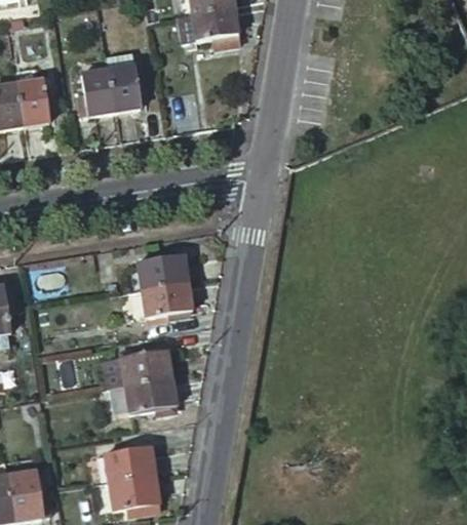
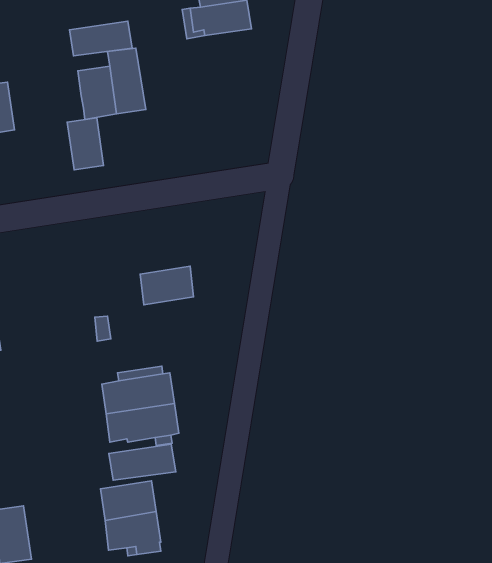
building: none -> [70,21,132,56]
building: [18,81,51,128] -> [67,118,104,170]
building: [142,279,191,317] -> none
building: none -> [109,444,176,480]

